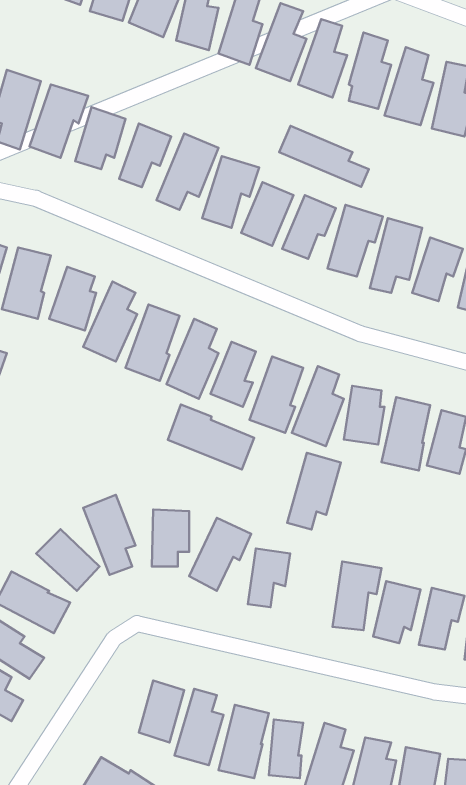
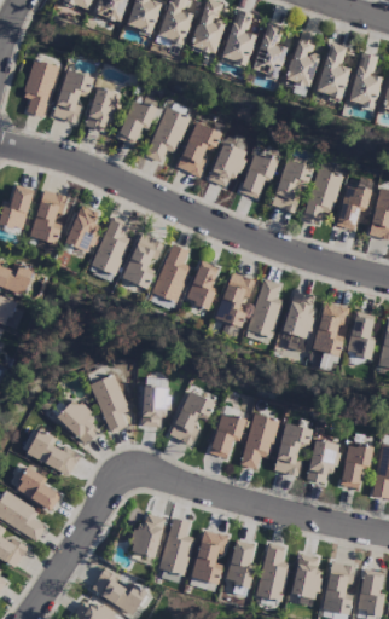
building: [279,126,369,187] -> none
building: [168,405,254,469] -> none
building: [287,453,341,529] -> [239,412,279,469]

